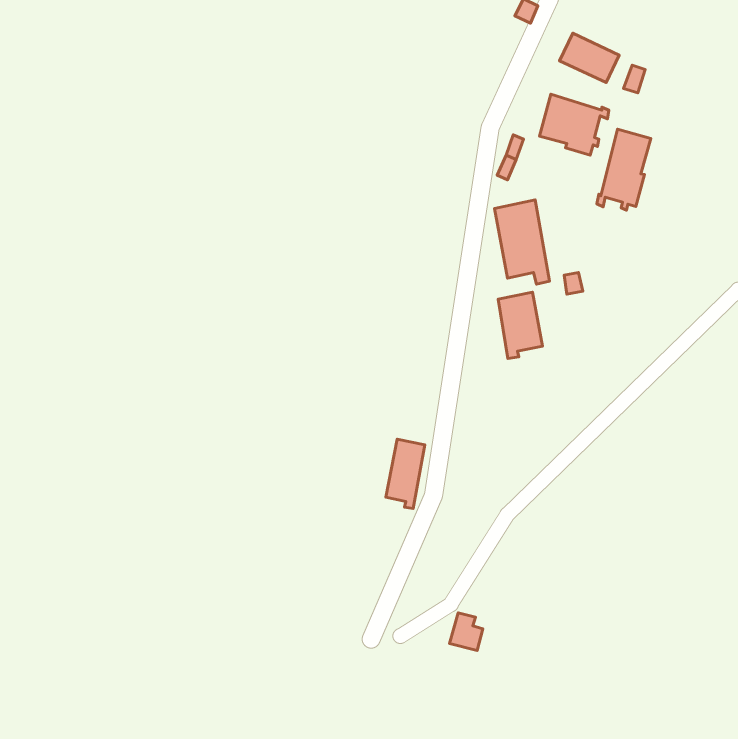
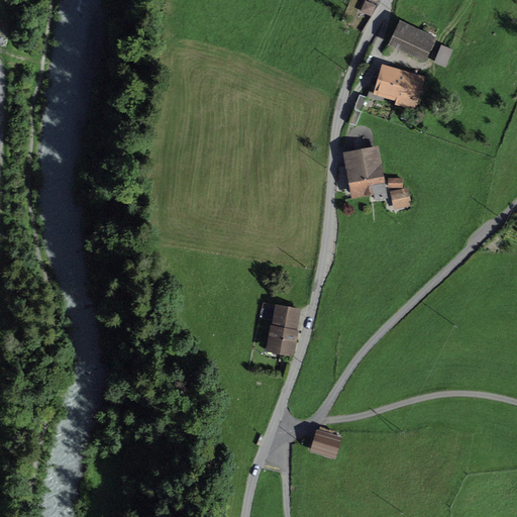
building: [597,129,651,210] -> none
building: [498,292,543,358] -> none

